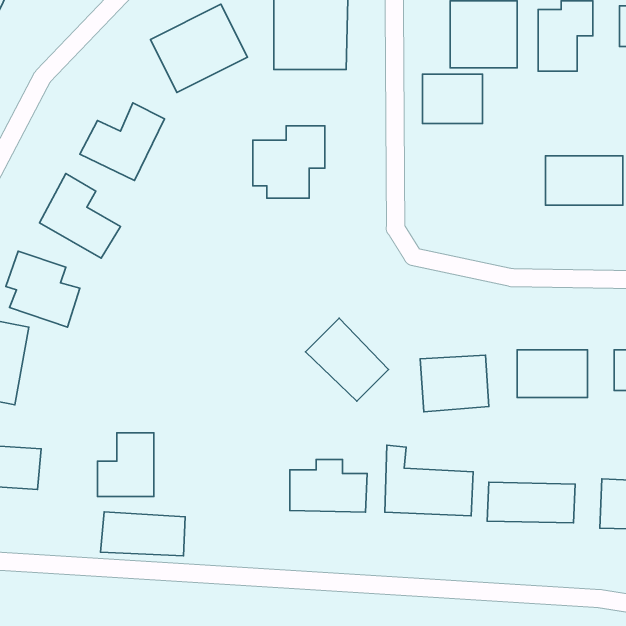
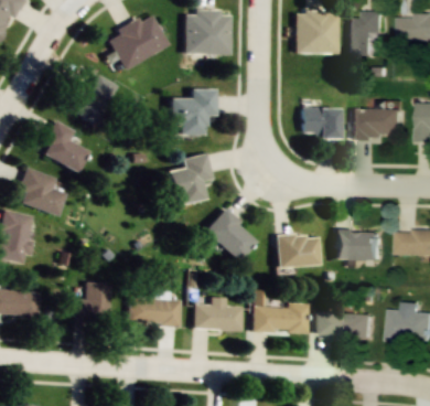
building: [423,74,482,123] -> [302,107,340,138]
building: none -> [171,153,213,205]
building: [101,512,185,556] -> [129,298,182,325]

